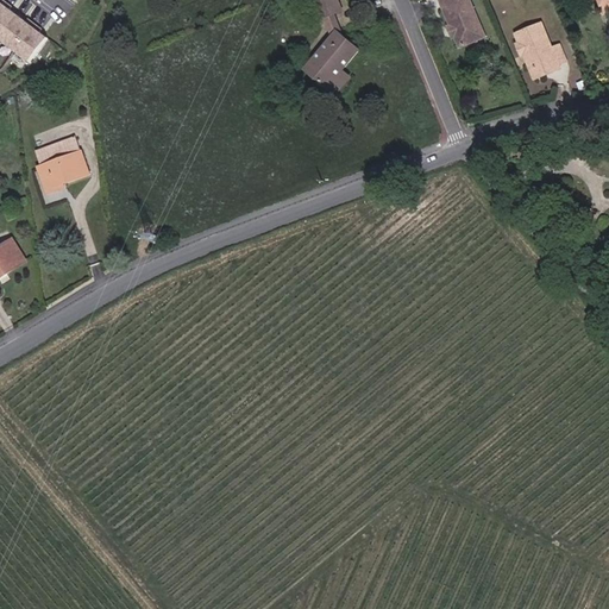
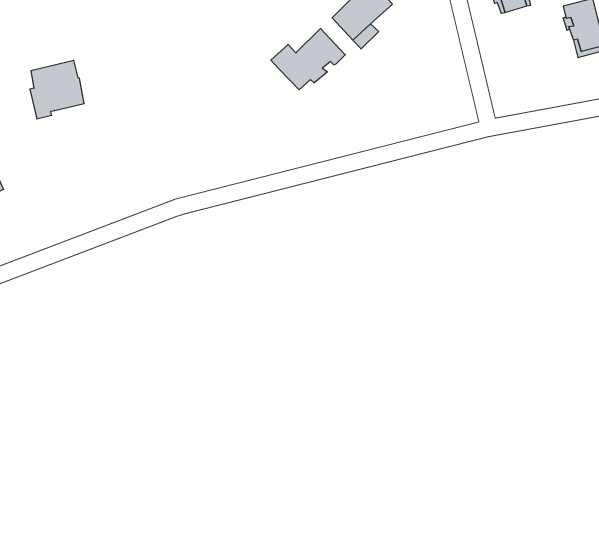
building: none -> [271,29,345,90]

